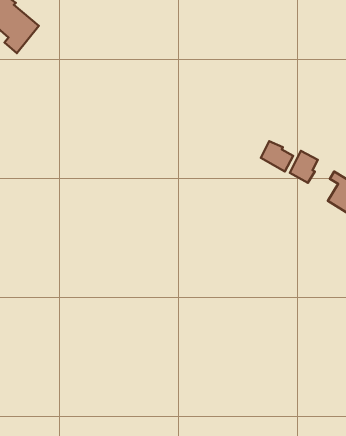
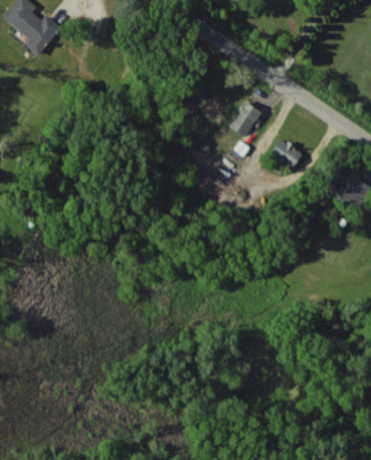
building: none -> [230,101,260,136]
building: [290,151,318,183] -> none

